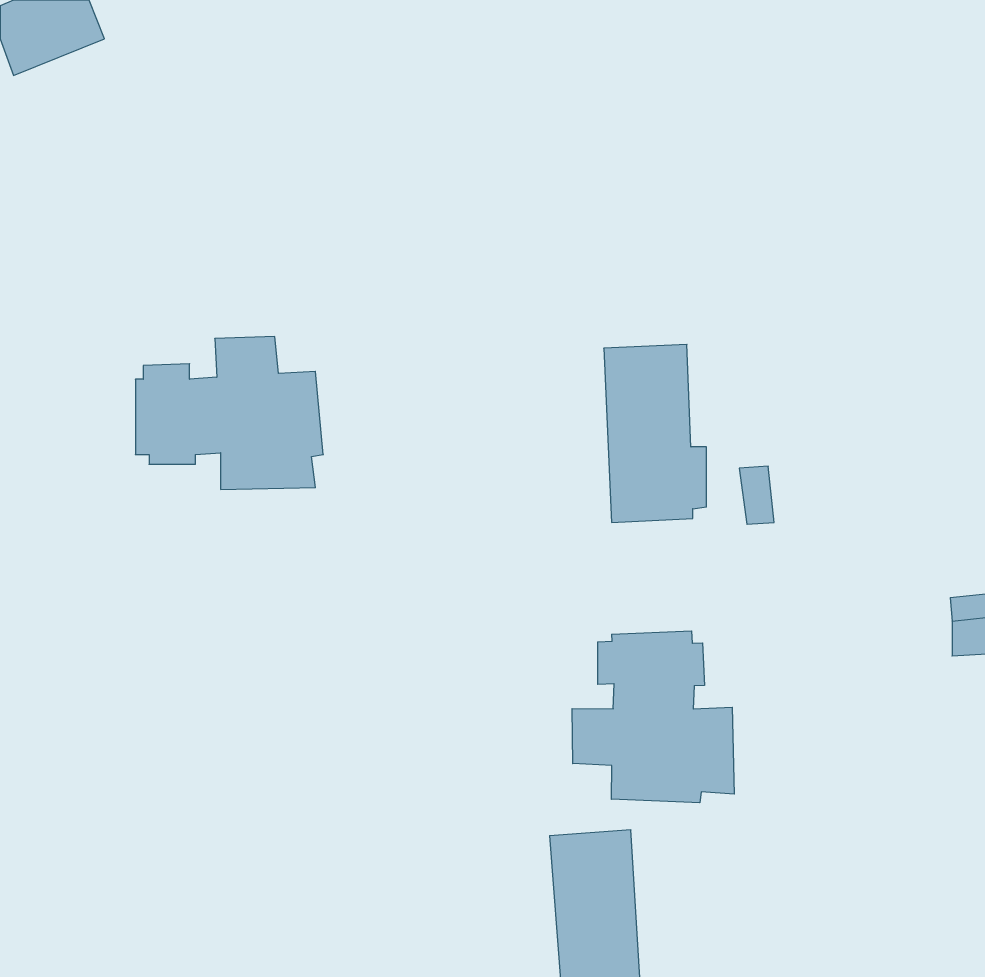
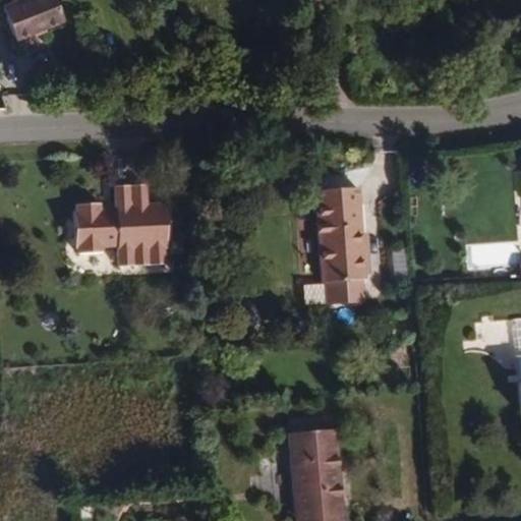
building: none -> [324,279,366,302]
building: [572,631,734,803] -> none

